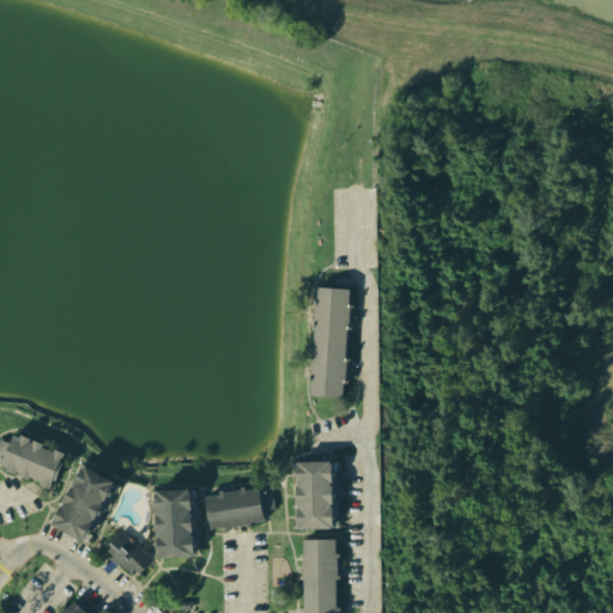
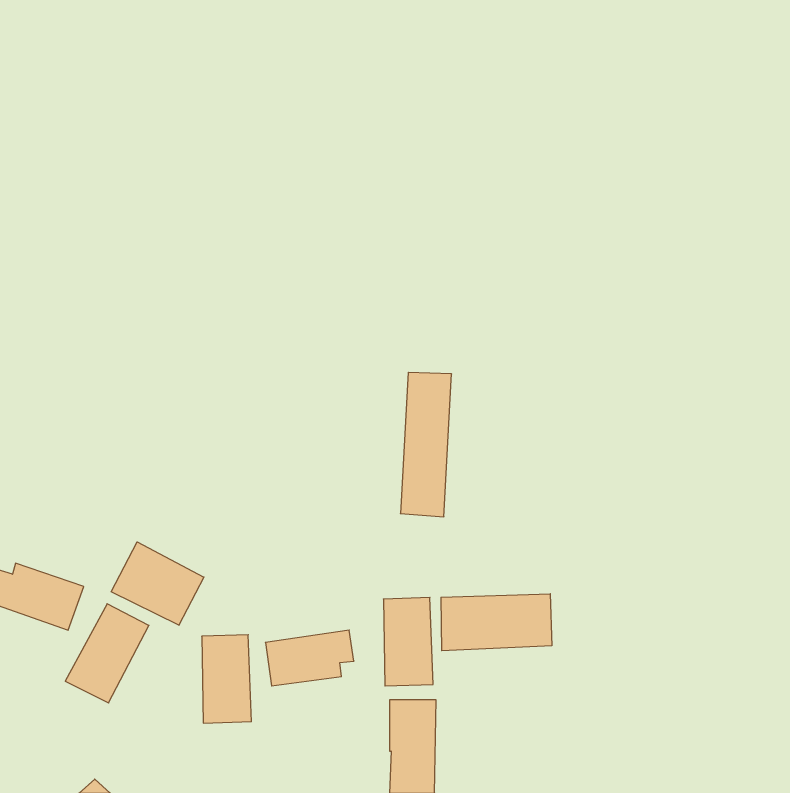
building: none -> [111,542,204,625]
building: none -> [441,594,552,651]
building: [104,532,152,578] -> none

